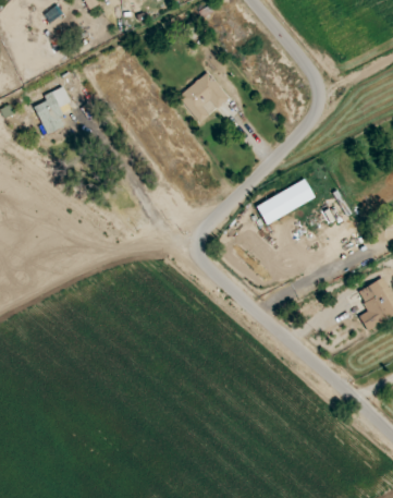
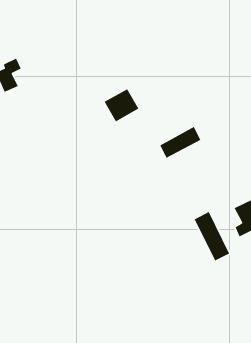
building: [180,74,229,121] -> [103,88,139,123]
building: none -> [194,211,230,261]

